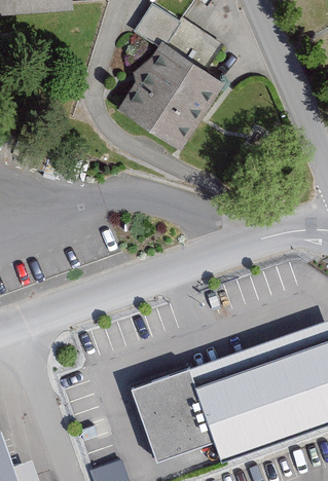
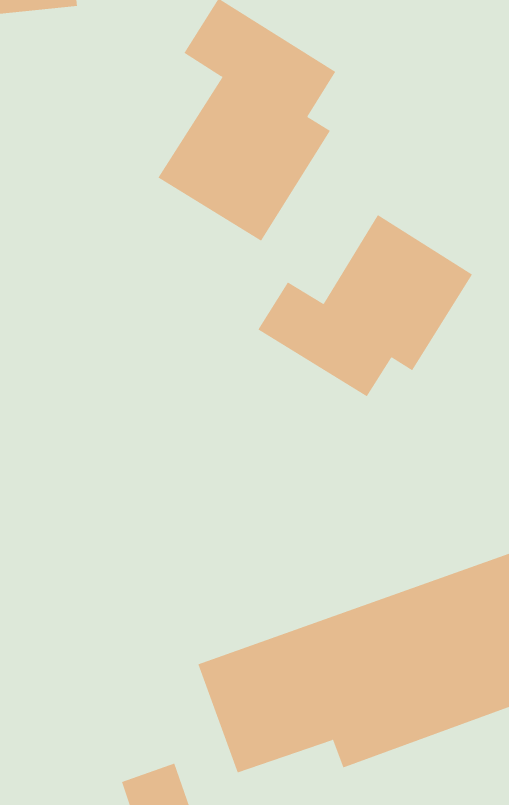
building: none -> [258,214,473,397]

